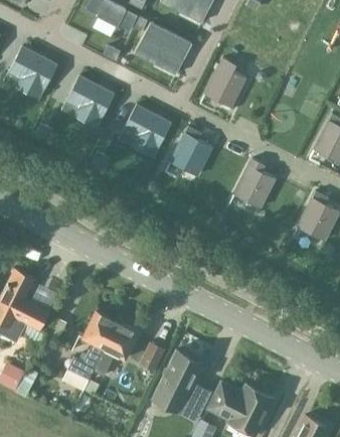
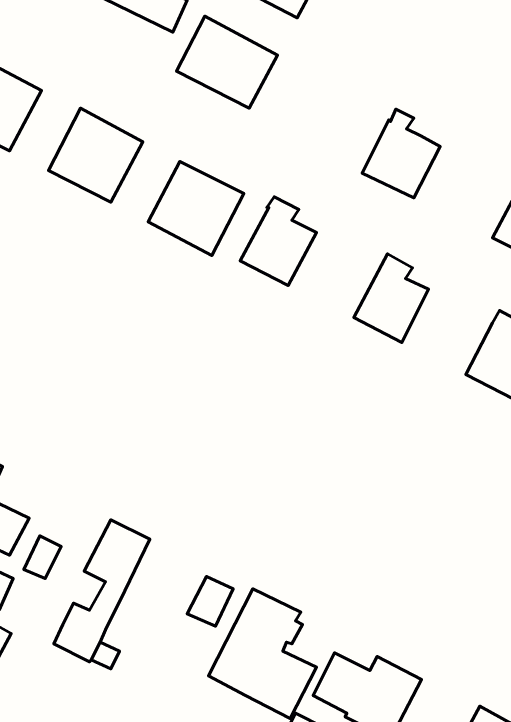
building: [203,57,247,108] -> [362,109,440,198]
building: [93,320,140,377] -> none

